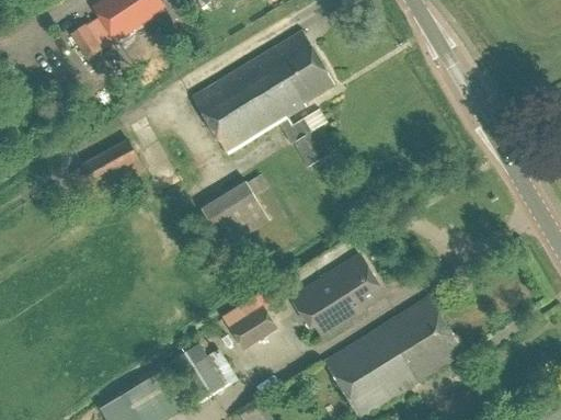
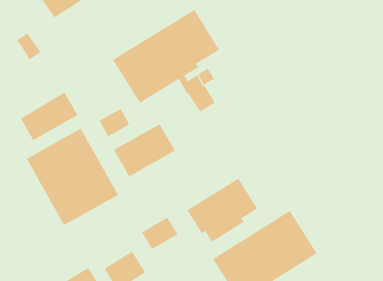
building: [70,22,103,58] -> [16,33,41,60]
building: none -> [99,108,130,137]
building: none -> [26,128,119,226]

